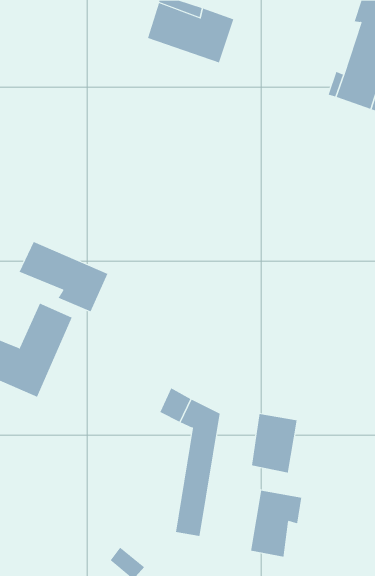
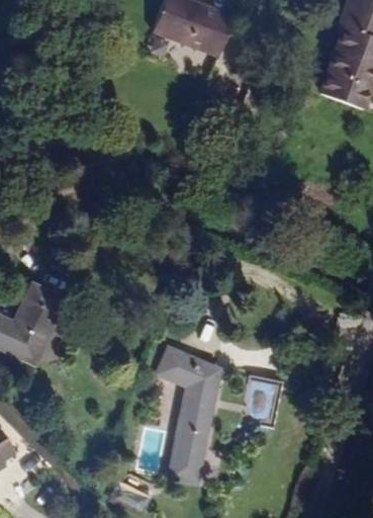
building: [19,241,108,312] -> none
building: [250,490,302,558] -> none

